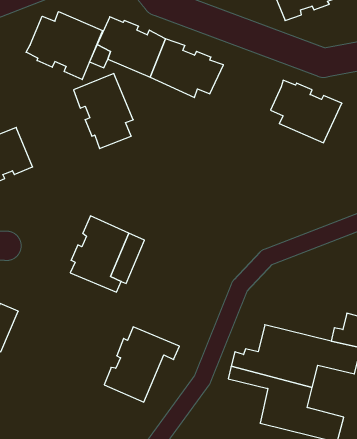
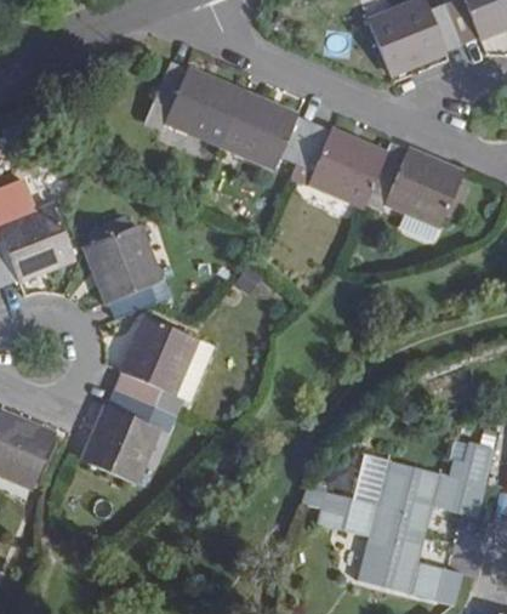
building: [26,12,102,80] -> none
building: none -> [291,127,384,205]
building: [74,74,133,149] -> [82,224,158,319]
building: [104,327,179,402] -> [82,390,177,484]

